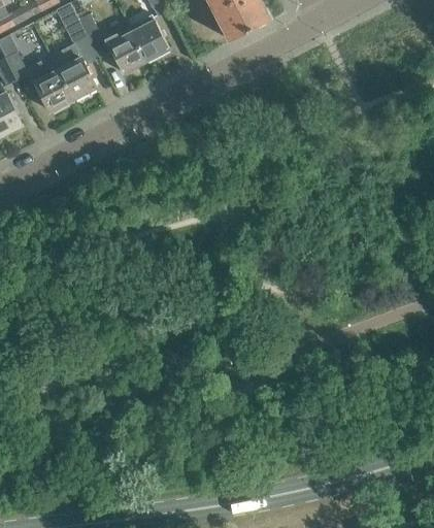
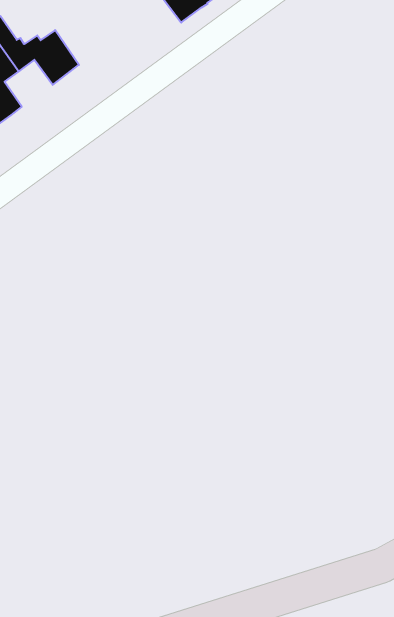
building: [130,13,168,60] -> none

